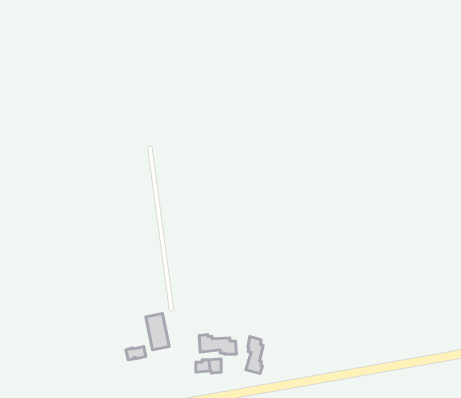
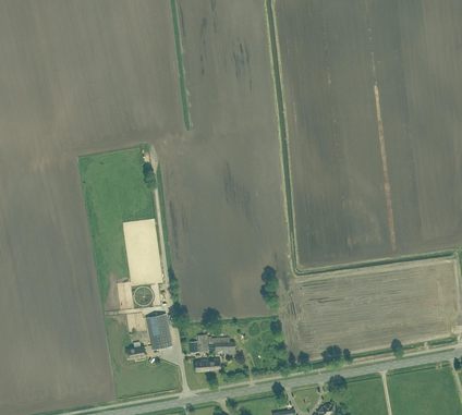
building: [246,337,263,374] -> none

